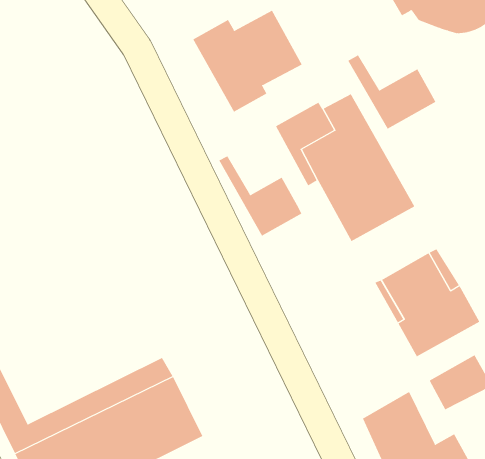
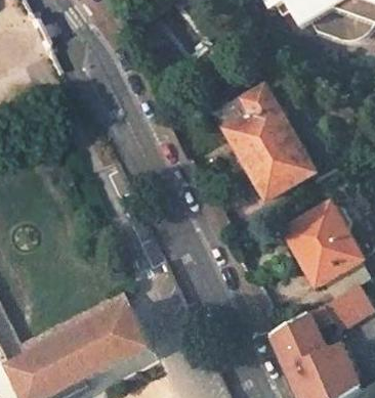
building: [193,10,302,112] -> none
building: [348,55,436,130] -> none
building: [219,155,302,236] -> none

